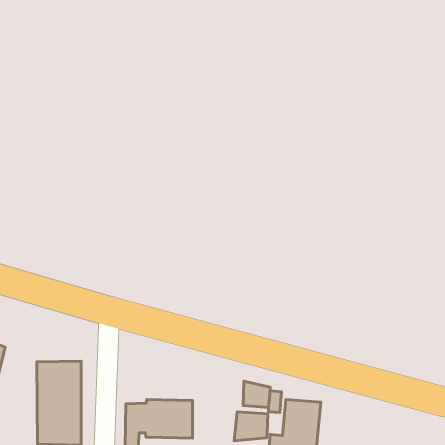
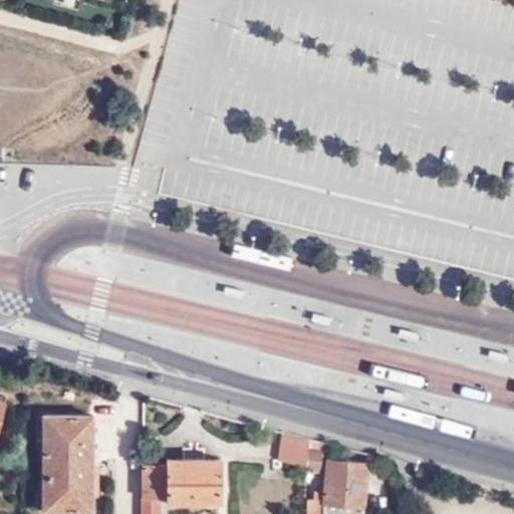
building: [234,412,268,441] -> none

